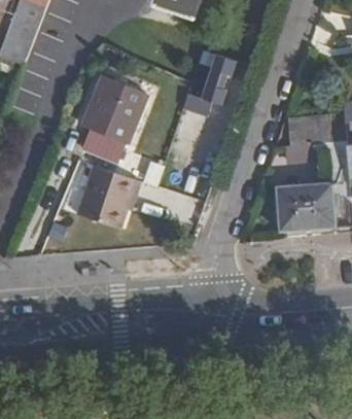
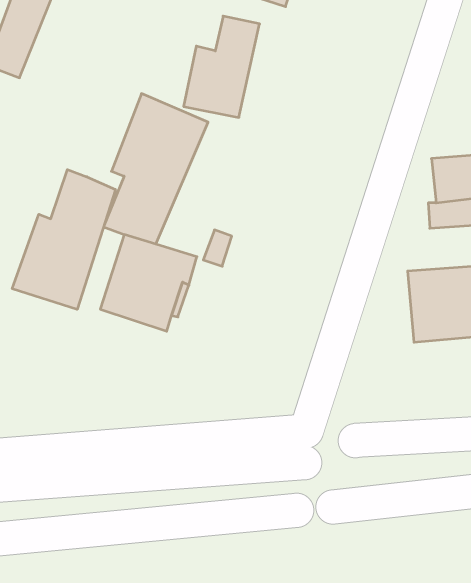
building: [181,54,231,119] -> [184,16,260,117]
building: none -> [12,170,115,309]

